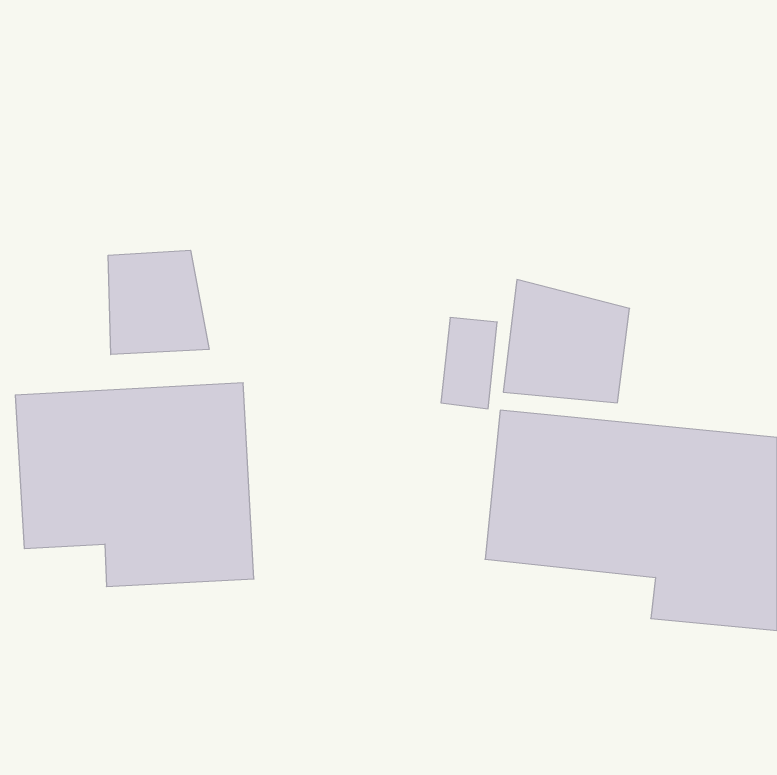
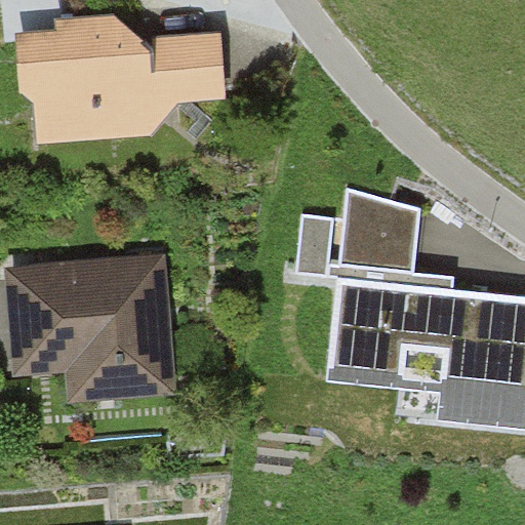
building: none -> [25,24,220,136]
building: [108,250,209,355] -> none

